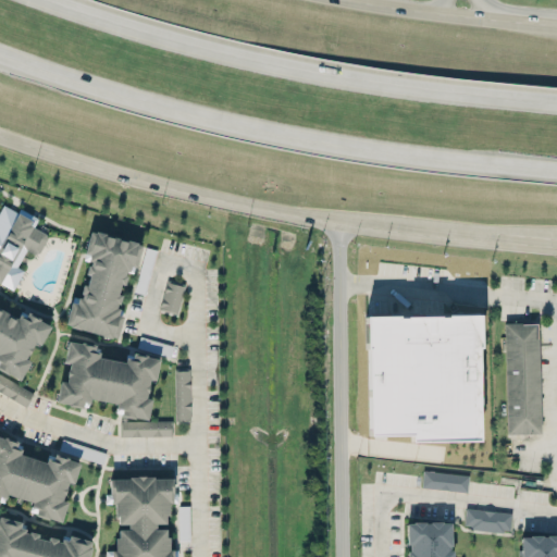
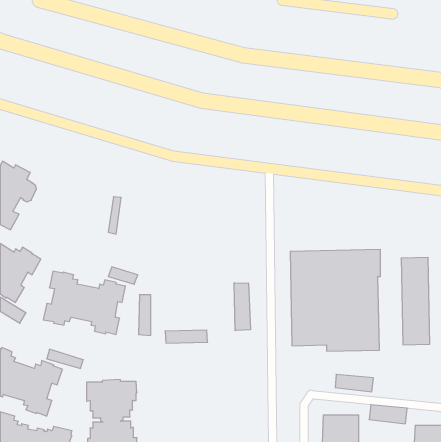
building: [66,232,143,339] -> none
building: [162,283,185,314] -> none
building: none -> [234,283,250,331]
building: [121,421,174,437] -> [165,330,208,343]

